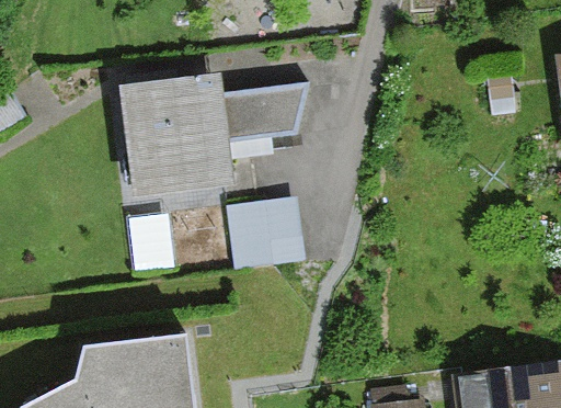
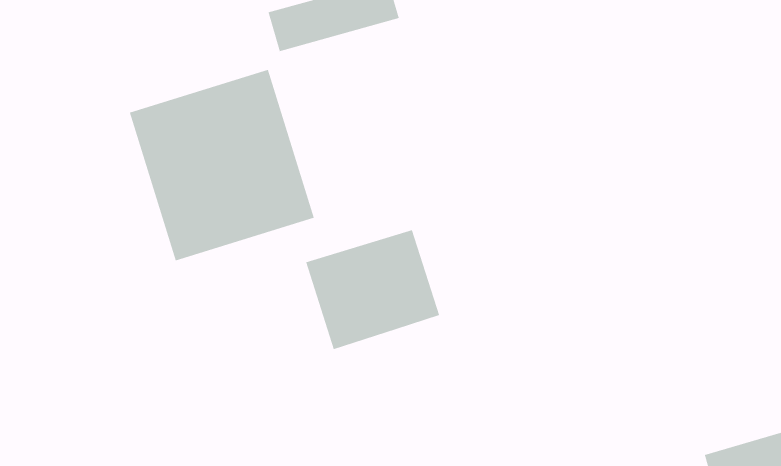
building: [229,78,308,128] -> none

